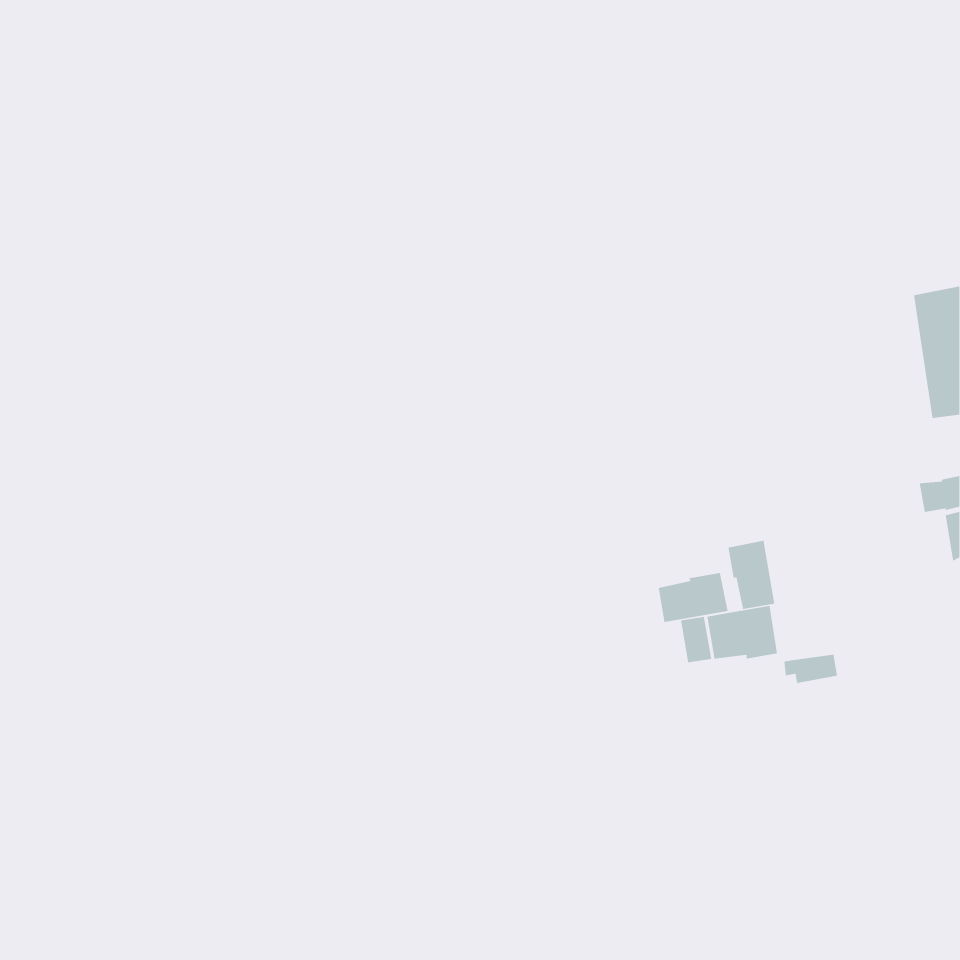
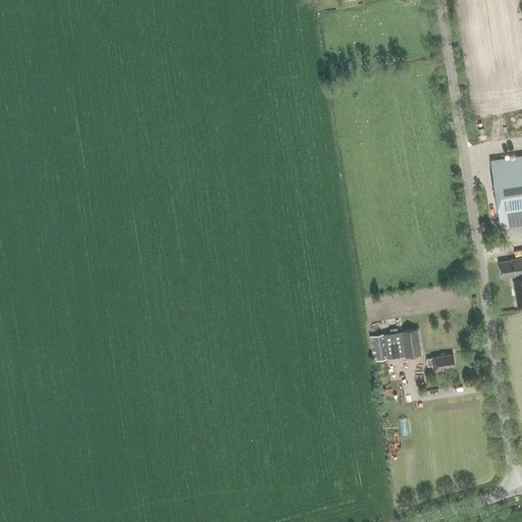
building: [728,540,775,610] -> none
building: [658,572,728,623] -> none

